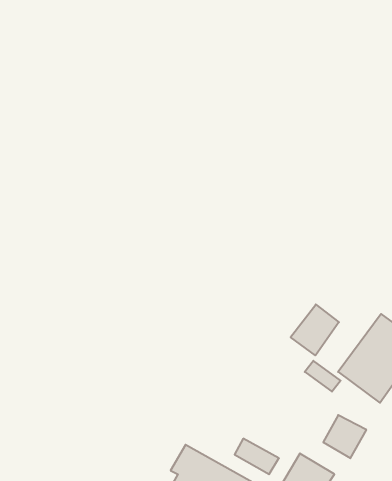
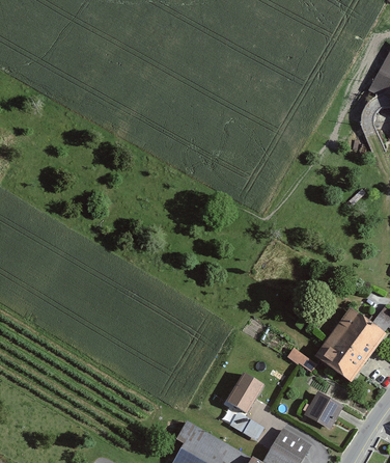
building: [291,304,339,355] -> none
building: none -> [223,375,261,415]

